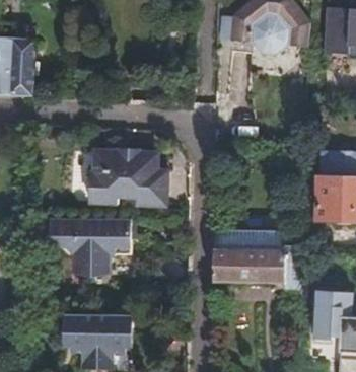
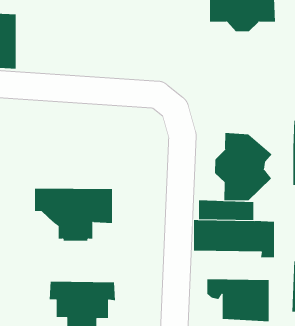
building: [91,149,170,205] -> none
building: none -> [215,132,272,201]
building: none -> [207,278,269,322]

